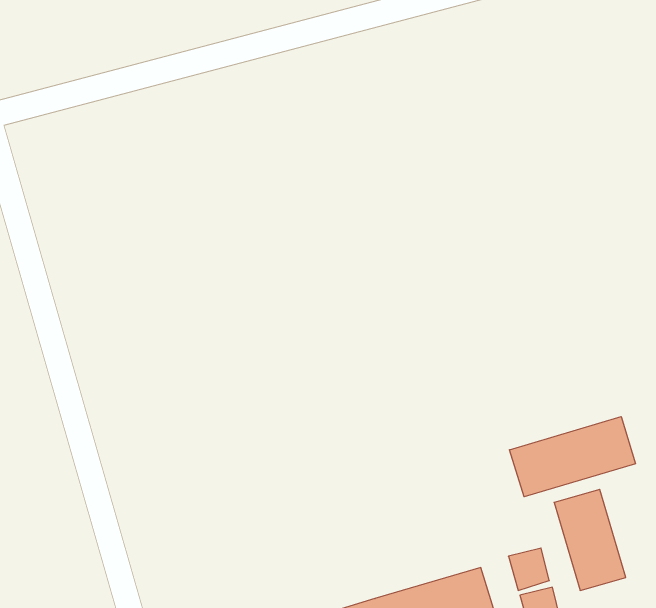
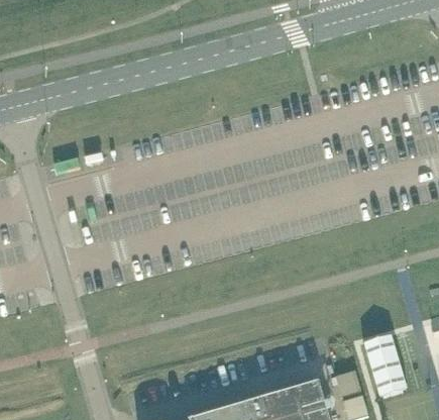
building: [509,417,636,497] -> none

